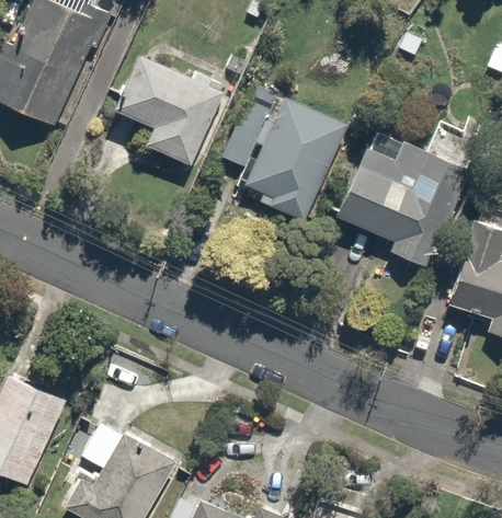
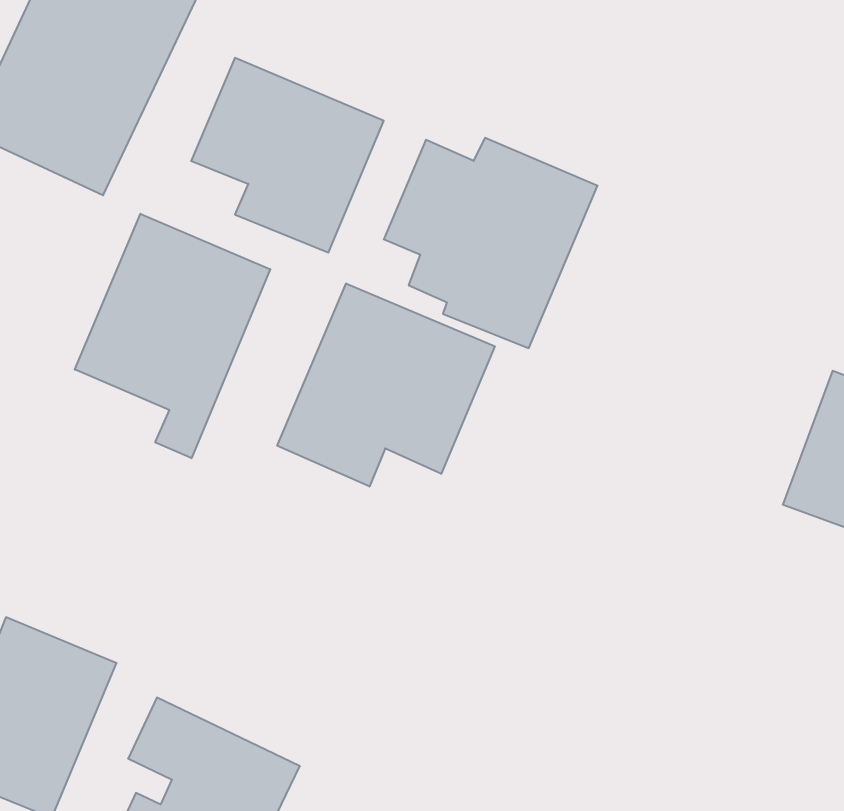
building: [333,130,471,266] -> none
building: none -> [75,214,270,458]
building: none -> [277,283,495,487]

